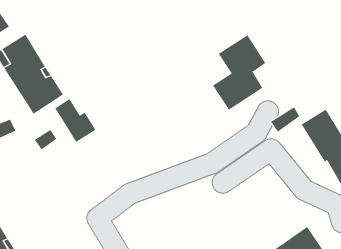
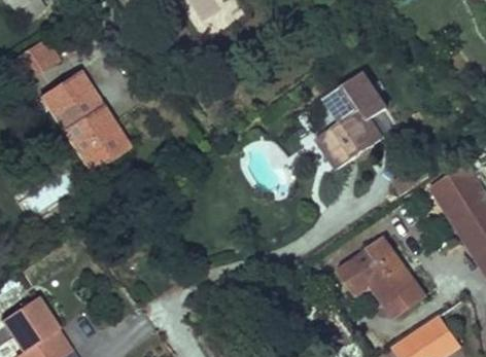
building: [54,98,96,143] -> none
building: none -> [338,237,425,316]

